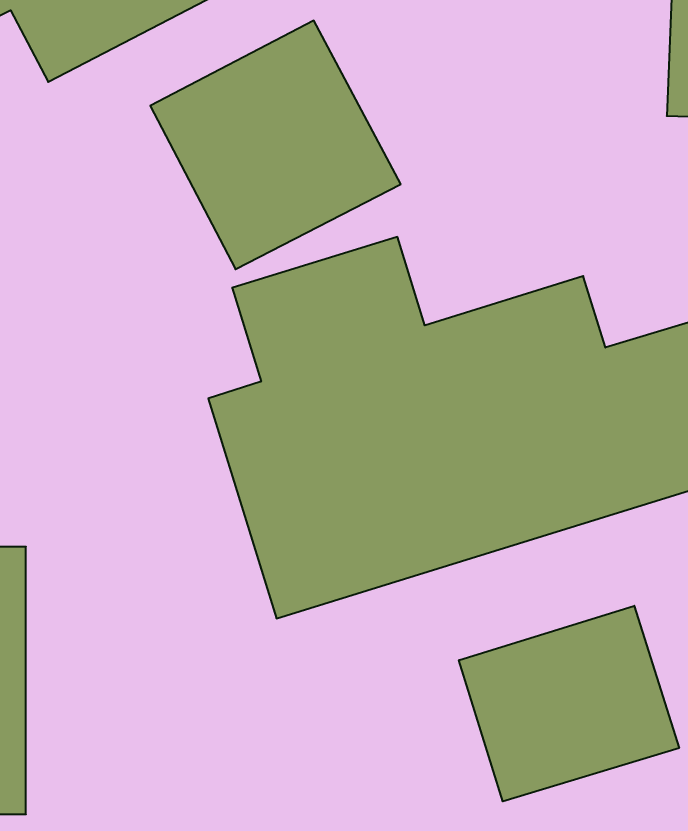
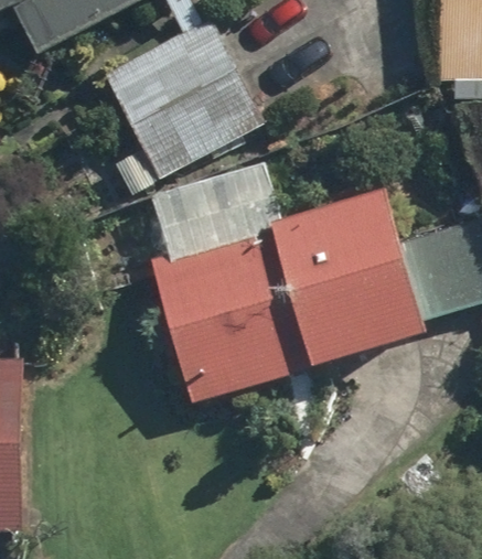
building: [459,606,679,801] -> none

